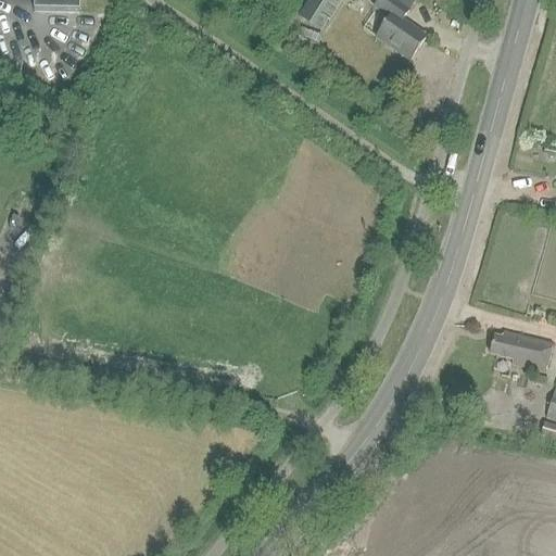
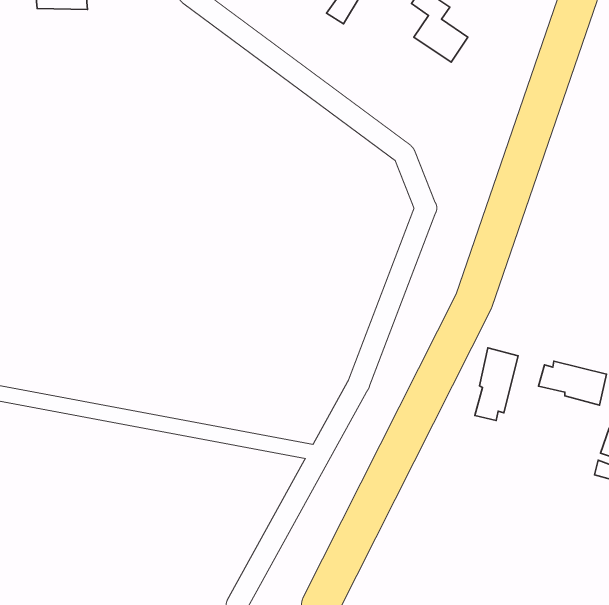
building: none -> [475,348,518,420]

